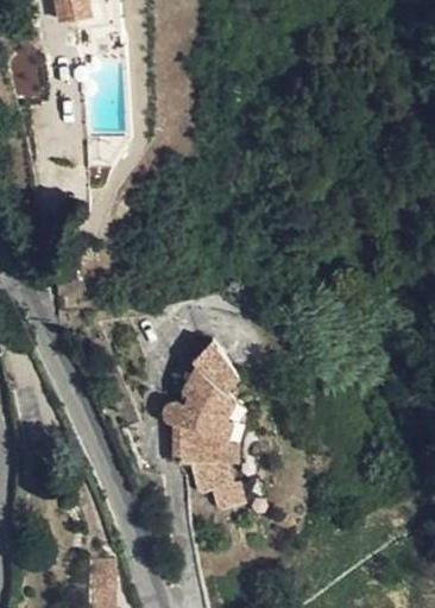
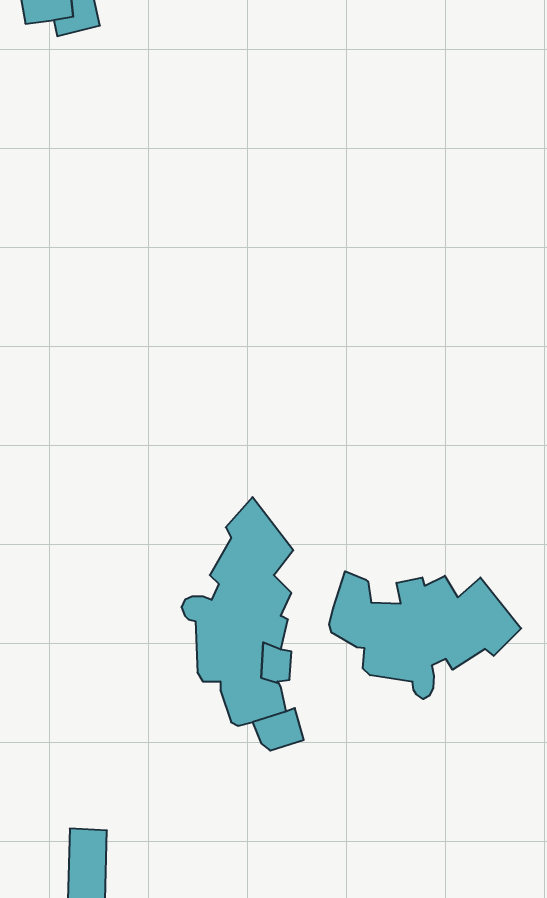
building: none -> [329,571,521,699]

